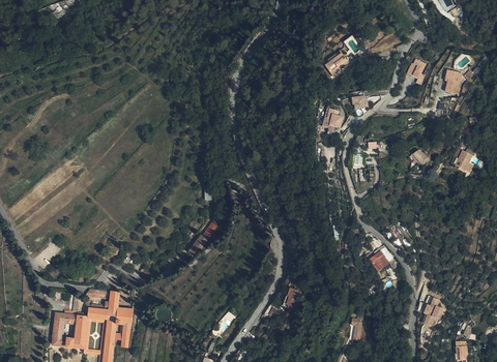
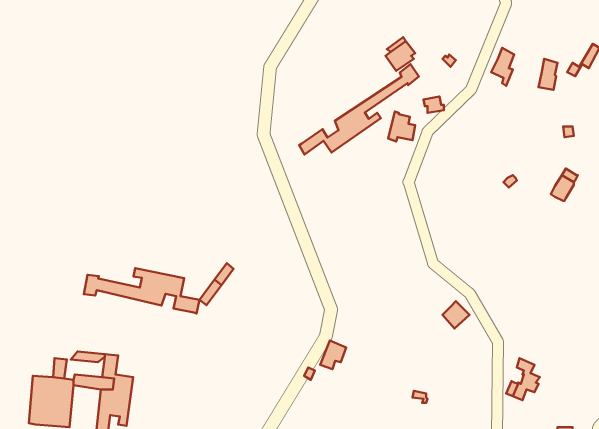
building: none -> [299,64,419,154]
building: none -> [84,268,200,314]

